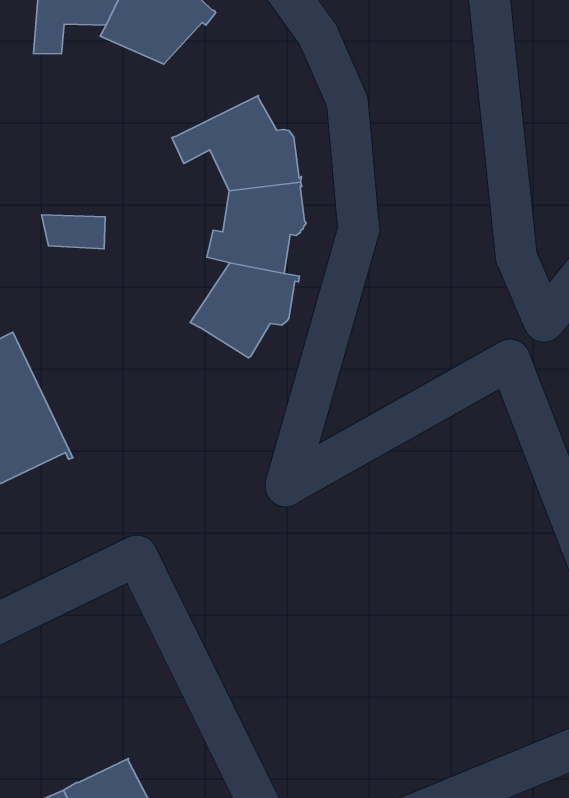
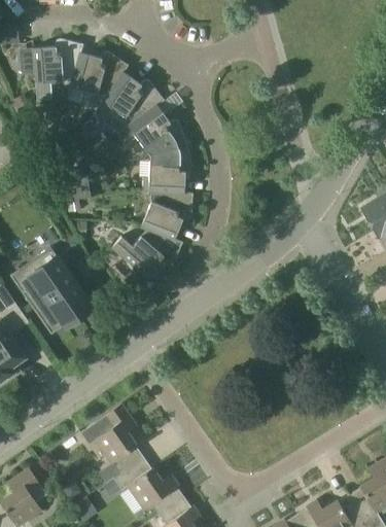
building: none -> [93,71,164,132]
building: none -> [111,229,182,280]
building: none -> [80,402,144,472]

